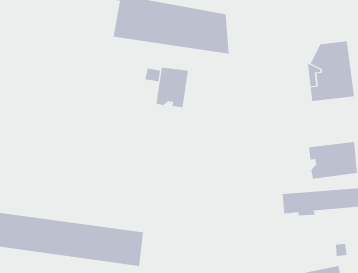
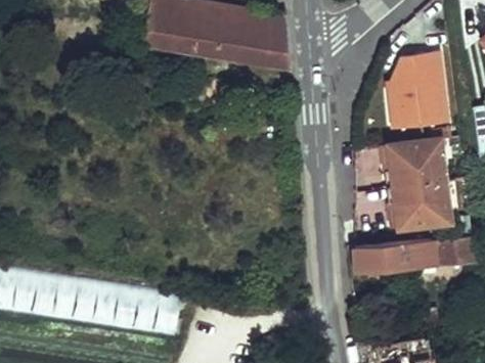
building: [156,67,189,108] -> none
building: none -> [383,138,446,186]

